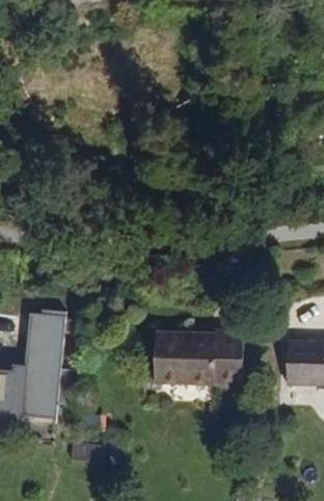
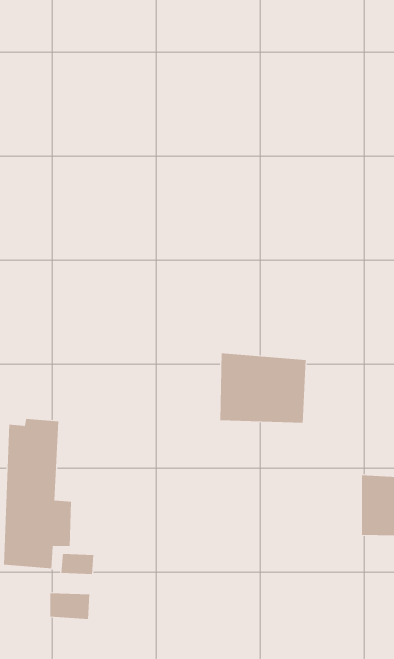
building: [159,325,223,377] -> [219,353,306,423]

